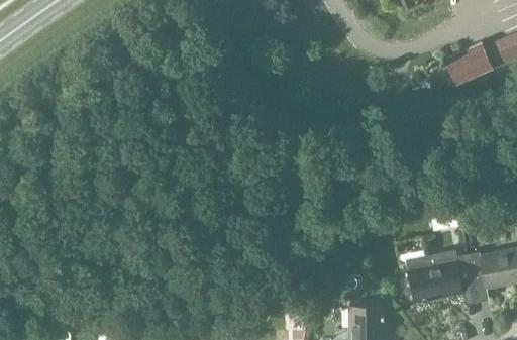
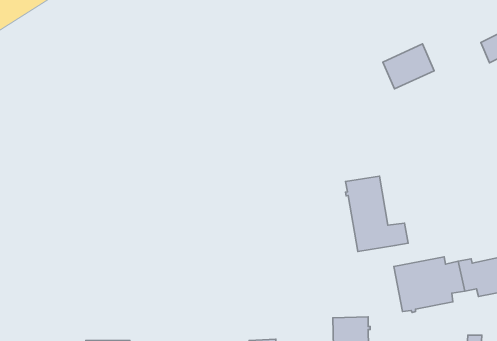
building: [445,44,494,87] -> [383,44,434,89]
building: none -> [345,176,408,251]

